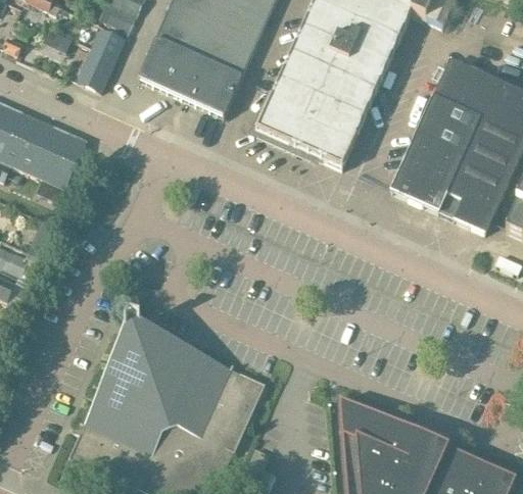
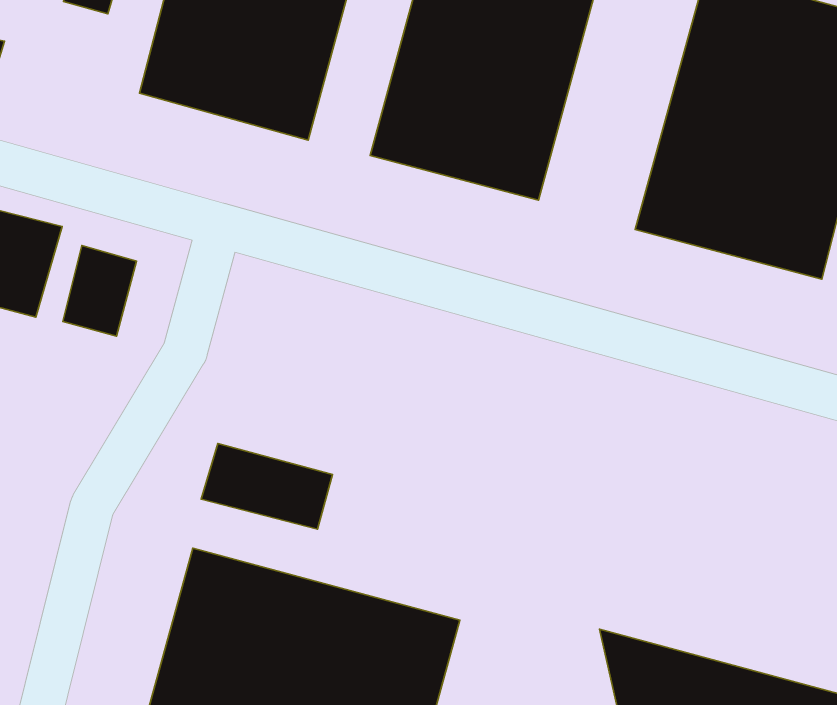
building: [79,30,123,87] -> none
building: none -> [63,246,137,336]
building: none -> [201,444,333,529]

